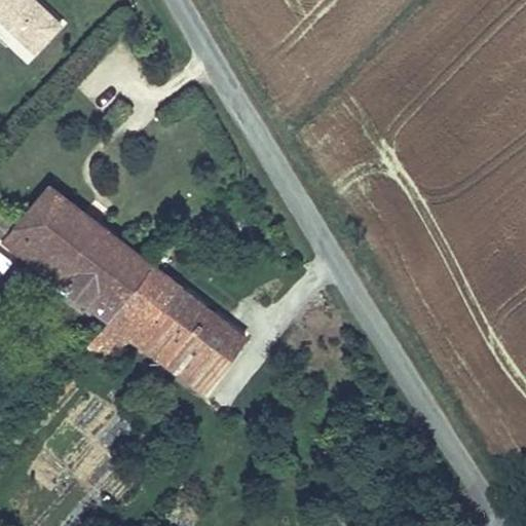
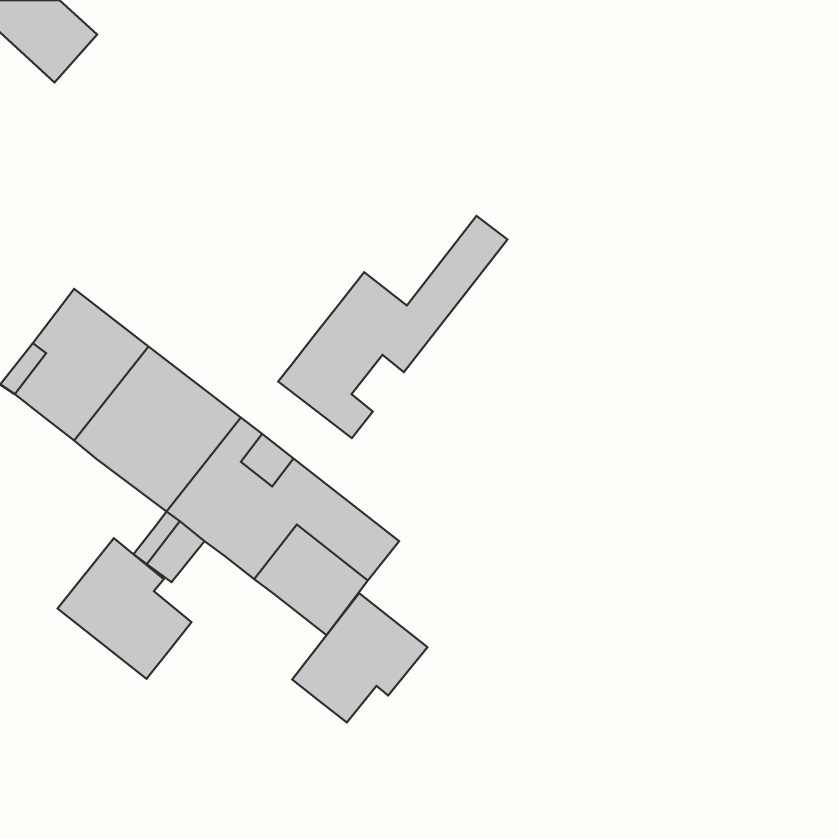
building: none -> [278,216,508,438]
building: none -> [58,538,192,679]
building: none -> [292,593,427,723]

